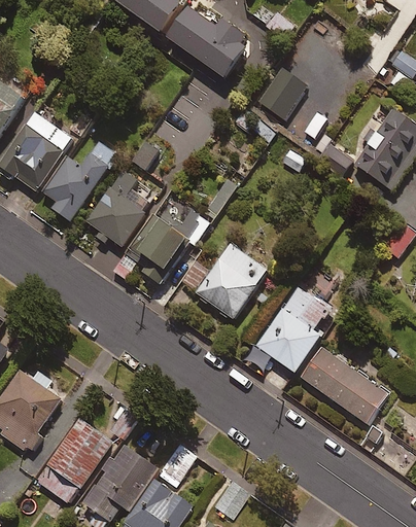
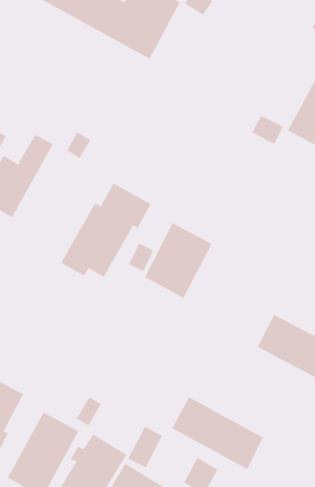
building: [255,67,307,121] -> none
building: [85,170,145,246] -> none
building: [256,285,331,372] -> none
building: none -> [171,396,264,470]

